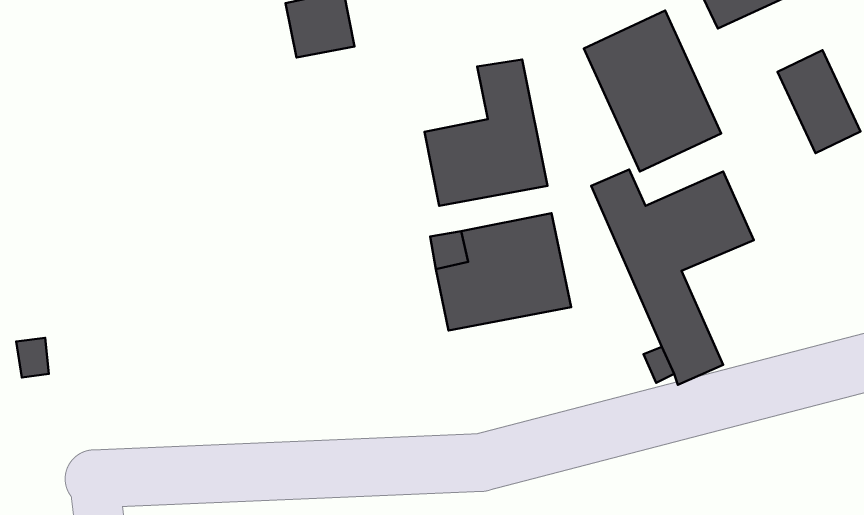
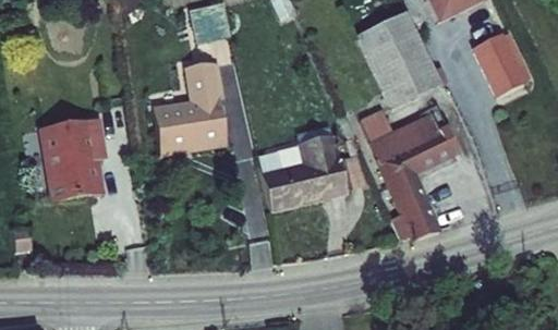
building: [425,59,548,206] -> [157,66,231,155]
building: none -> [48,115,111,199]

